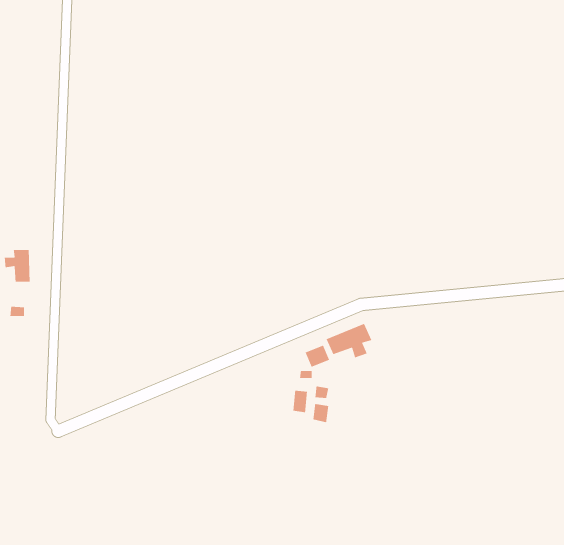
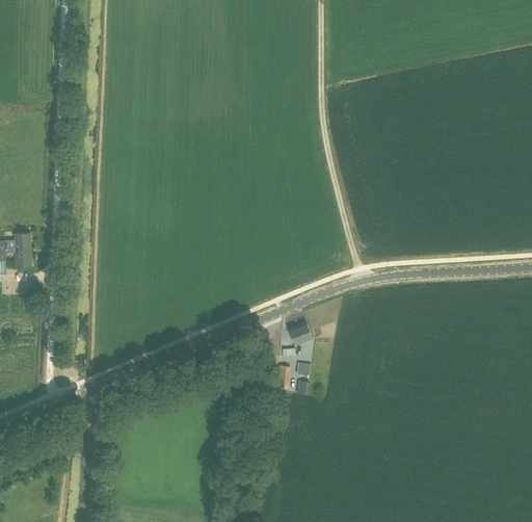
building: [325,323,373,358] -> none

